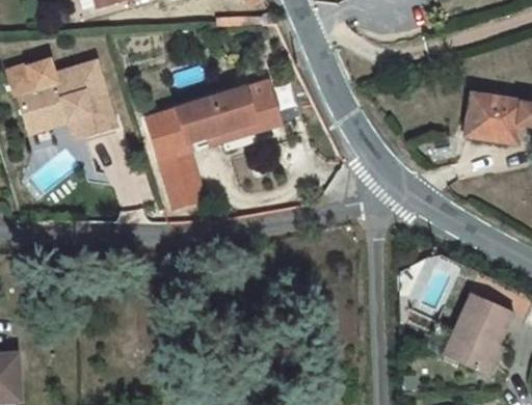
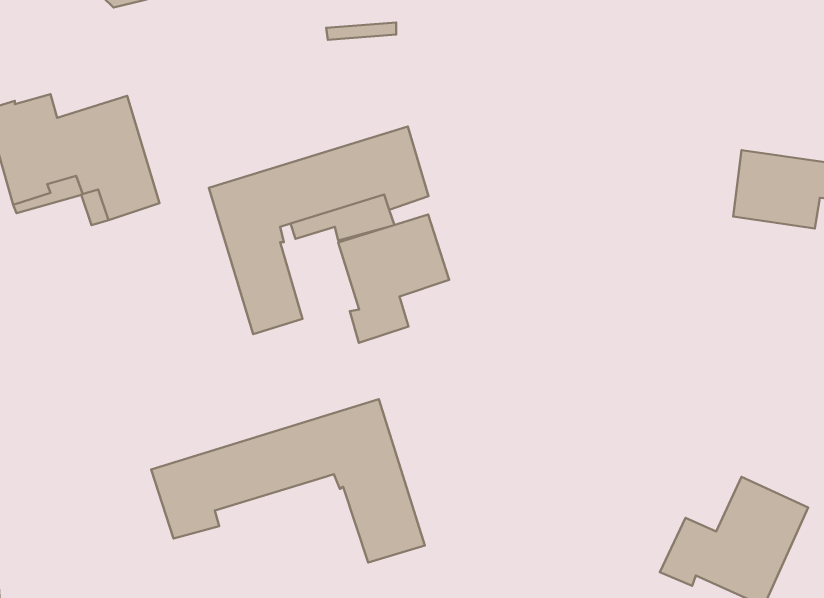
building: none -> [338,215,449,343]
building: none -> [151,399,425,563]

